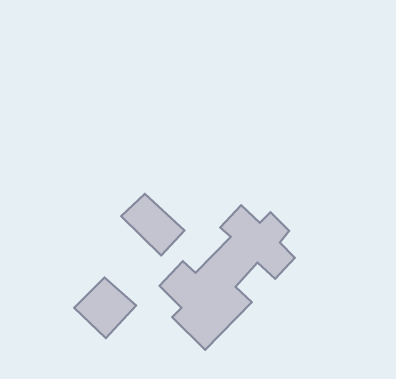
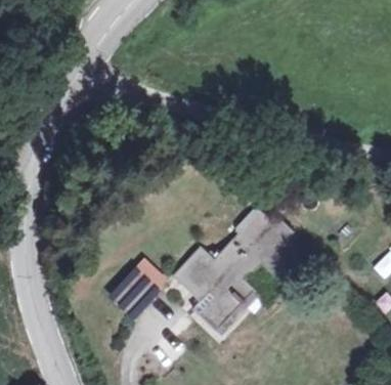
building: [121,194,184,256] -> none

